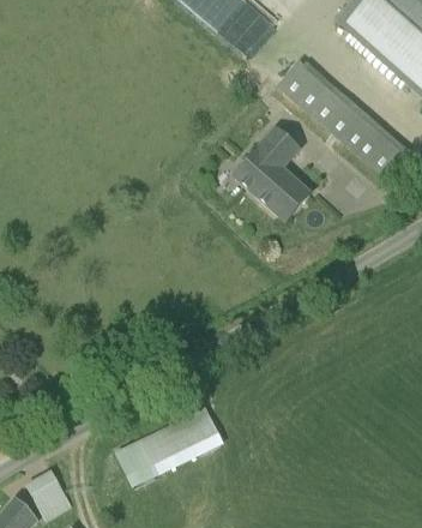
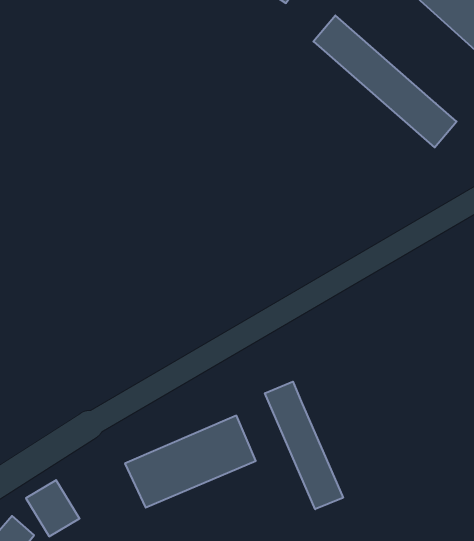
building: [234,127,308,218] -> none
building: none -> [265,382,343,509]

